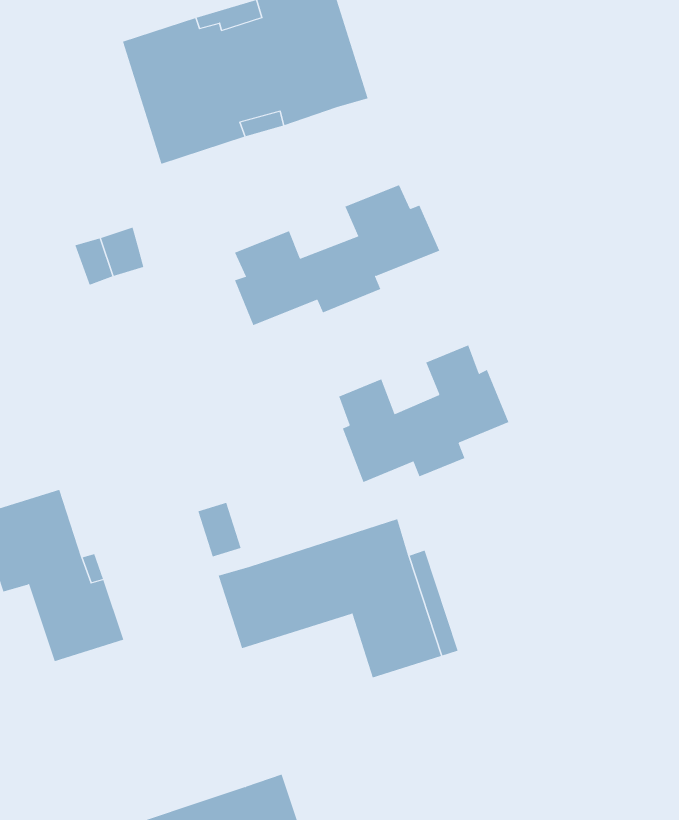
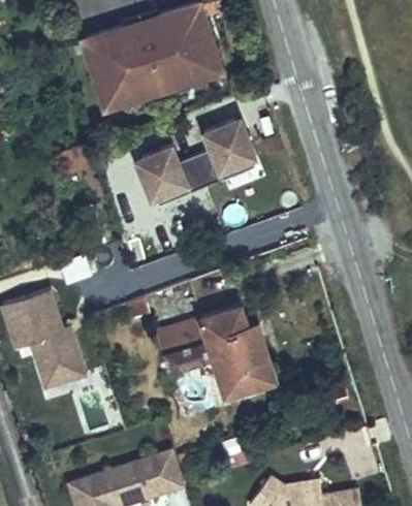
building: [338,344,509,483] -> none

